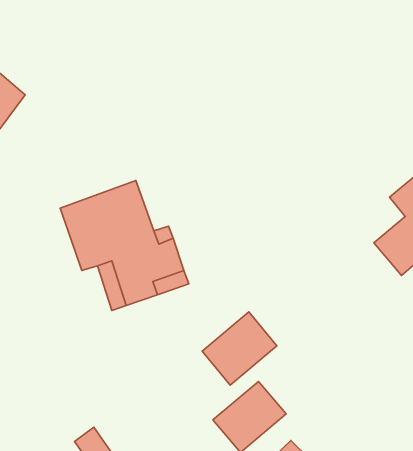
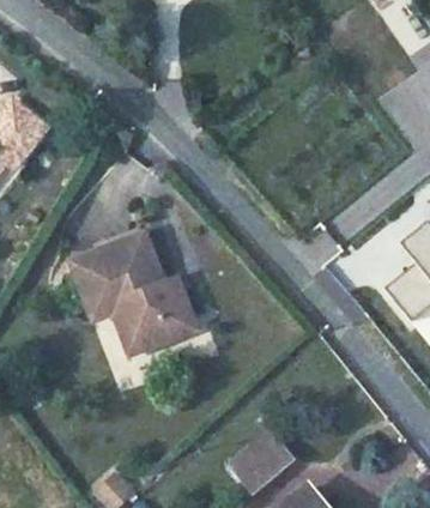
building: [202,312,277,385] -> none

